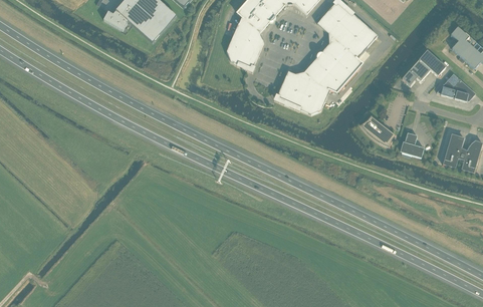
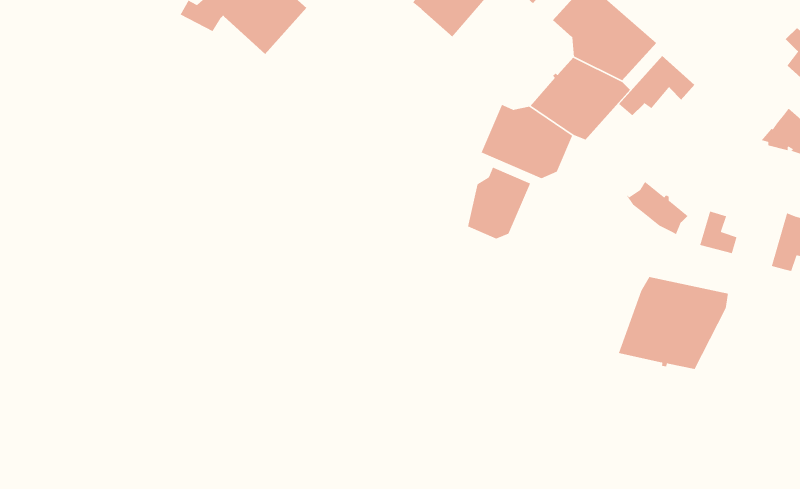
building: [227,15,264,68] -> none
building: [402,48,446,83] -> [618,55,695,116]
building: none -> [467,167,531,239]
building: none -> [618,276,729,370]

